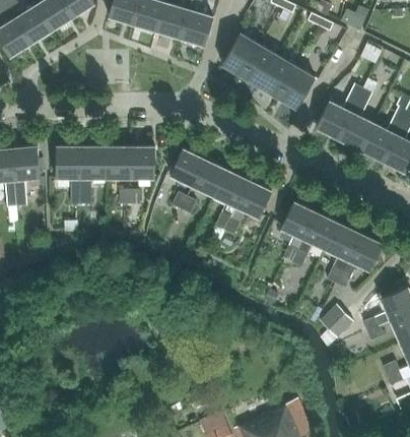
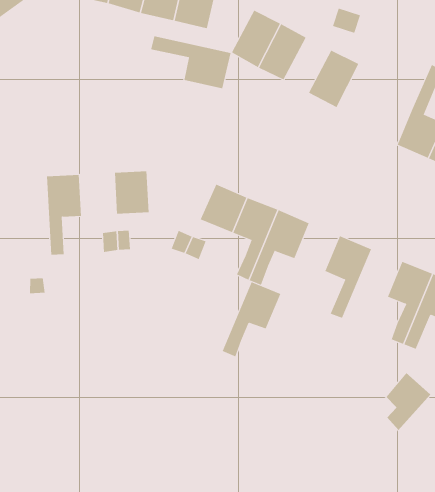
building: none -> [151,36,231,89]
building: [258,56,293,97] -> none
building: [316,84,362,138] -> none
building: [56,147,80,205] -> none
building: [105,147,130,178] -> none
building: [169,149,204,185] -> none
building: [291,213,337,268] -> [222,282,281,357]

